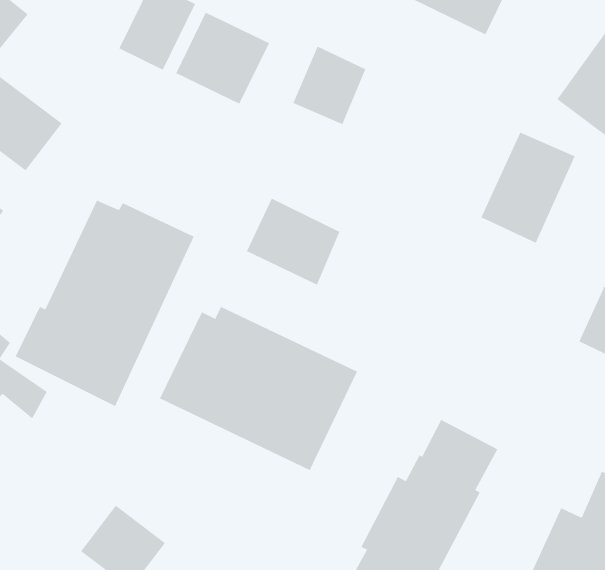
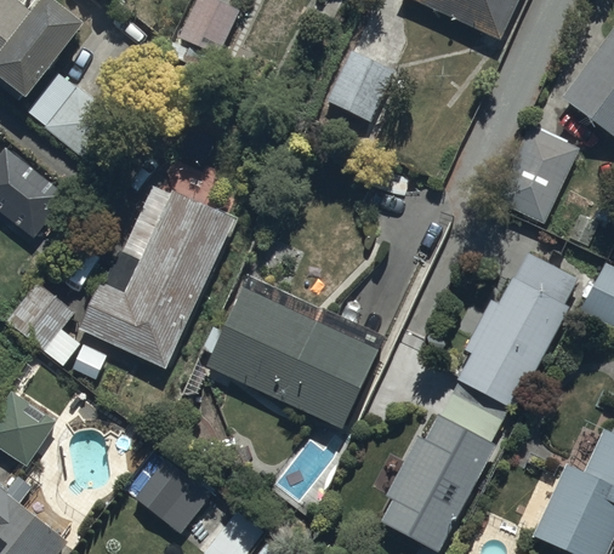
building: [175,12,270,105] -> none
building: [246,198,340,285] -> none
building: none -> [457,253,578,410]

